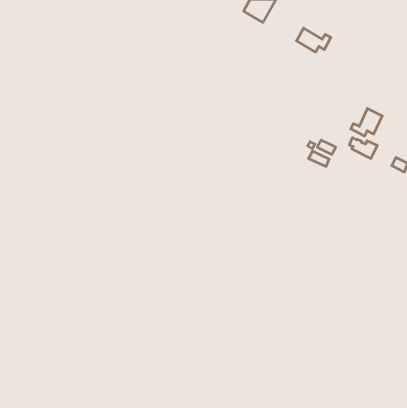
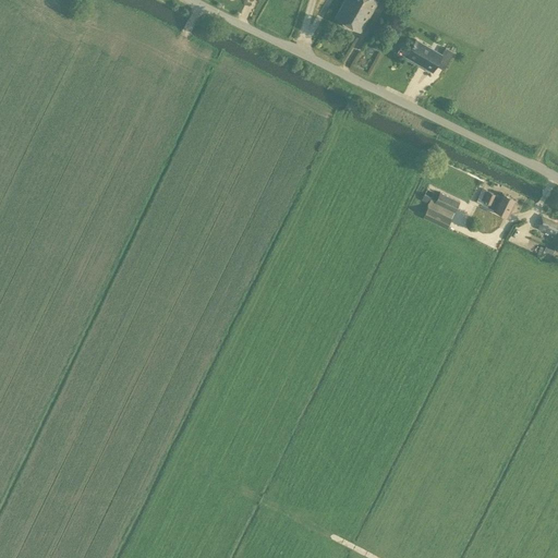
building: [351,108,382,136] -> none

